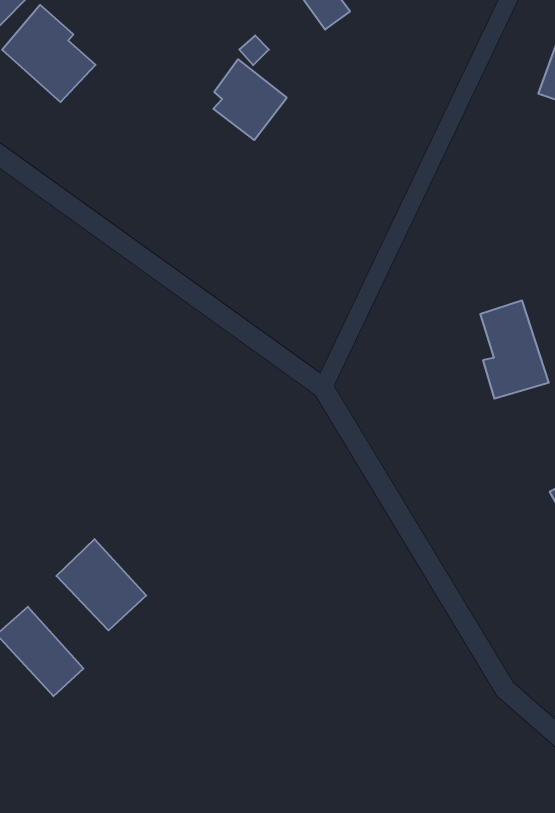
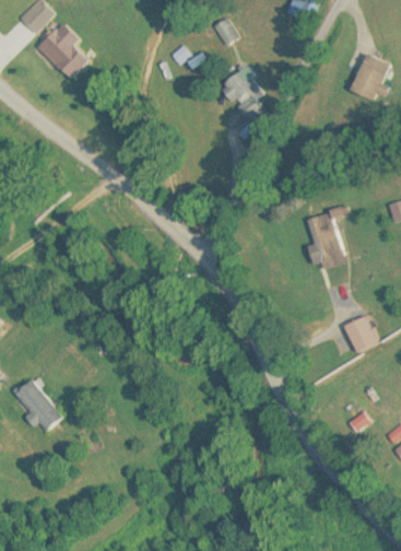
building: [213,59,287,140] -> [224,67,268,115]
building: [56,539,146,630] -> none

